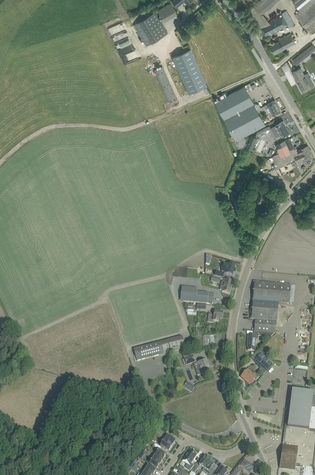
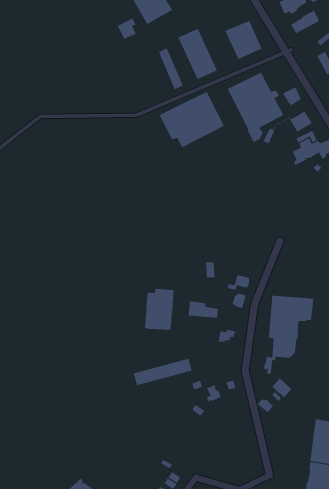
building: none -> [225,20,262,60]
building: none -> [159,91,224,148]
building: none -> [145,288,174,331]

